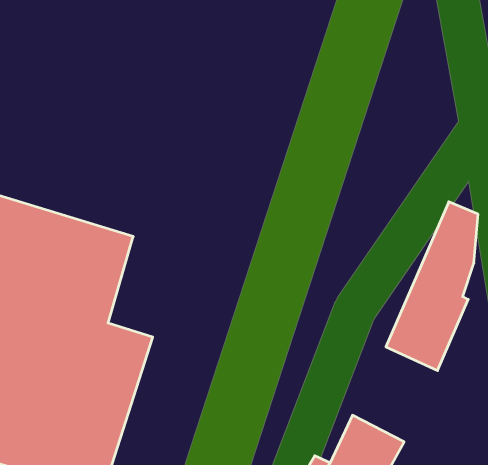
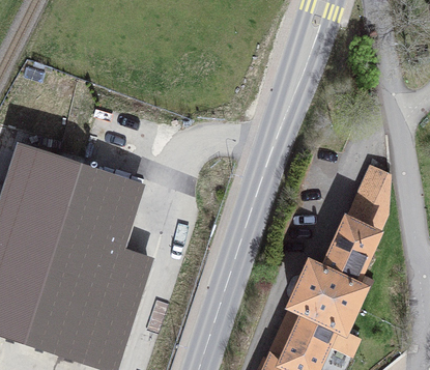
building: none -> [288,258,373,338]

